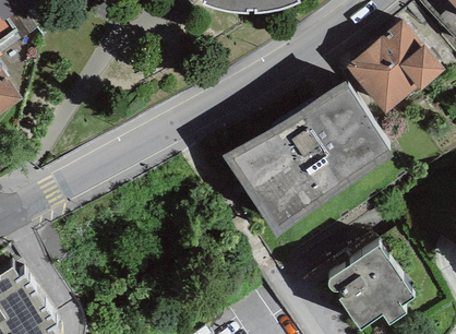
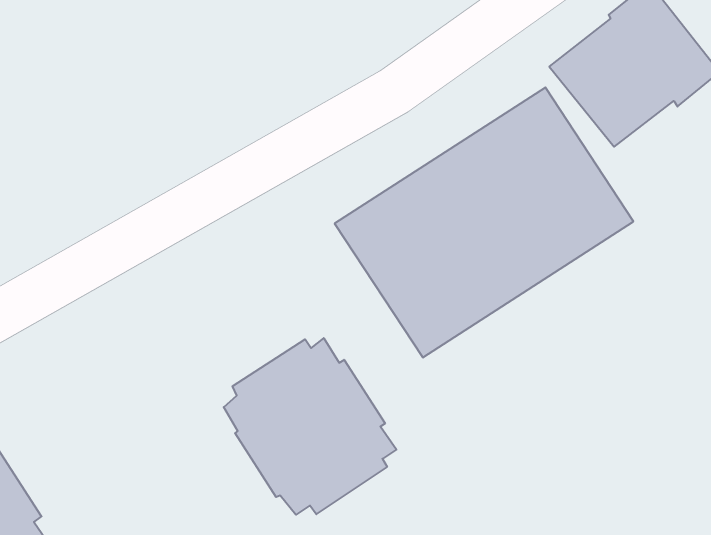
building: none -> [224,338,396,515]
building: [328,243,413,327] -> none

